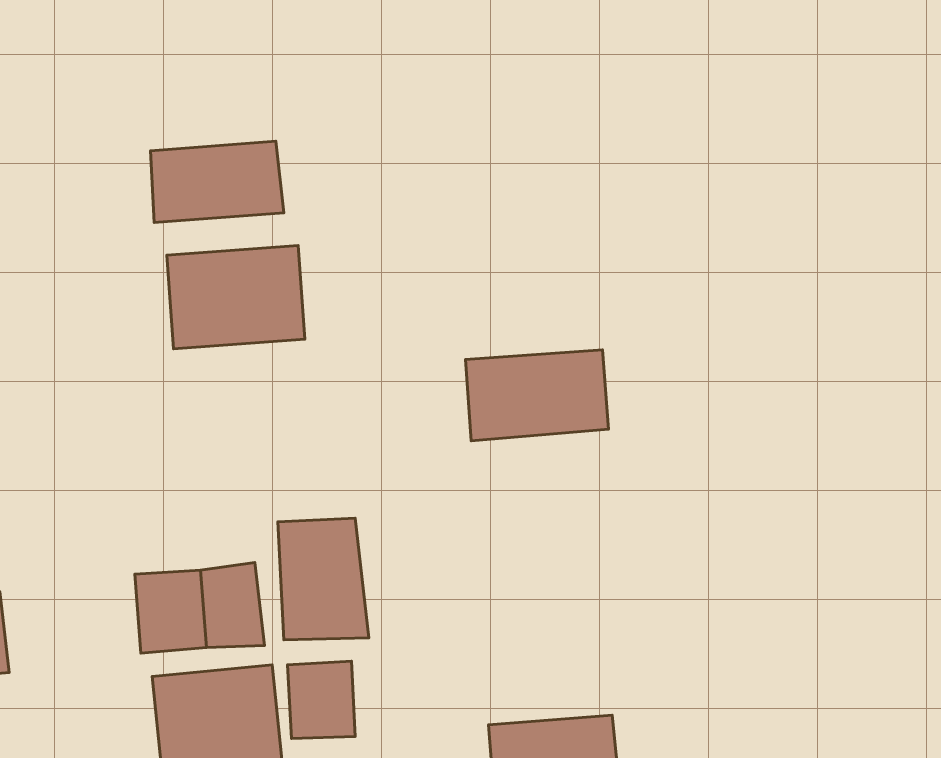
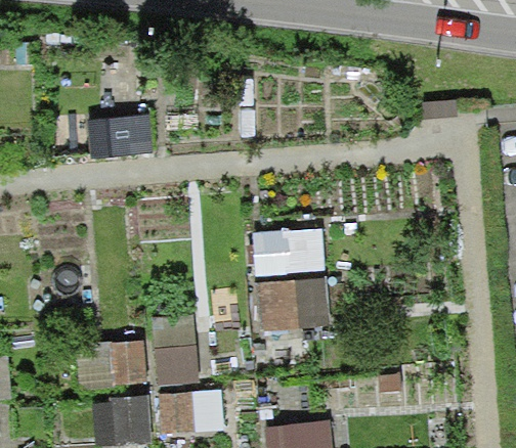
building: [167,245,305,349] -> none
building: none -> [255,278,332,327]

